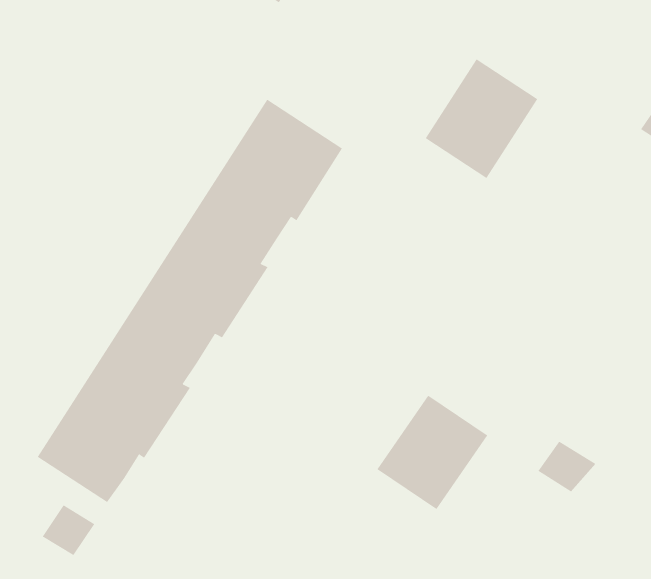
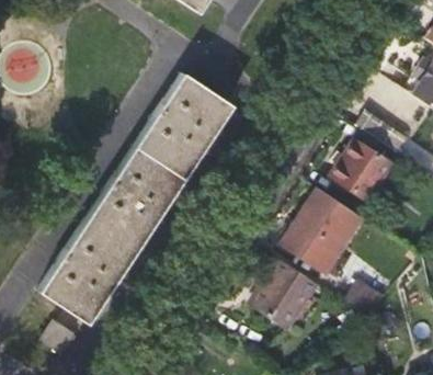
building: [425,58,538,179] -> [332,127,402,202]
building: none -> [283,190,368,272]

